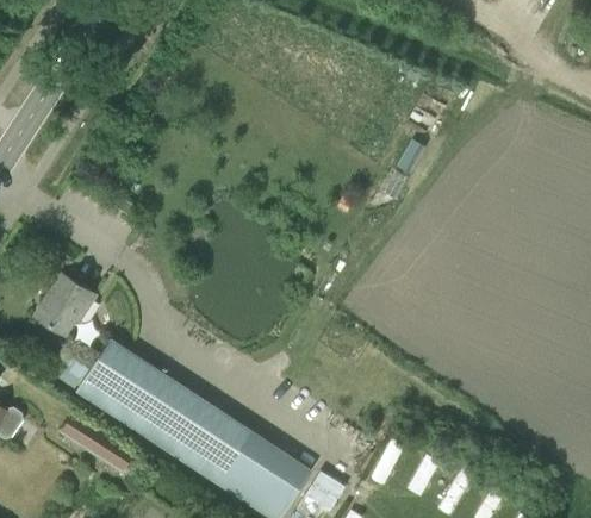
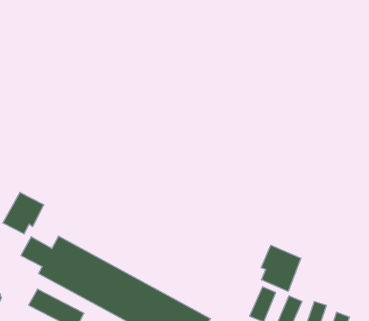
building: none -> [261,245,301,291]

